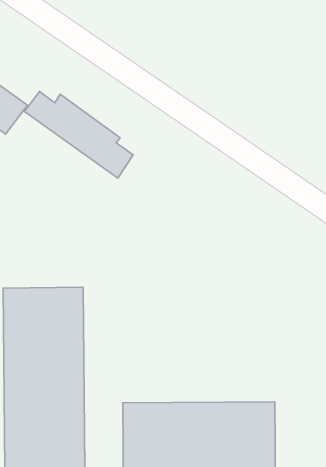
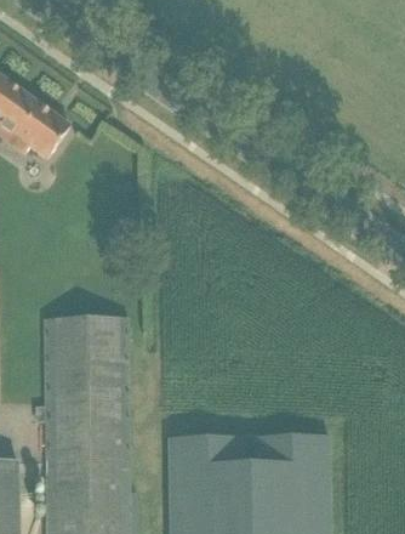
building: [25,92,133,178] -> none

